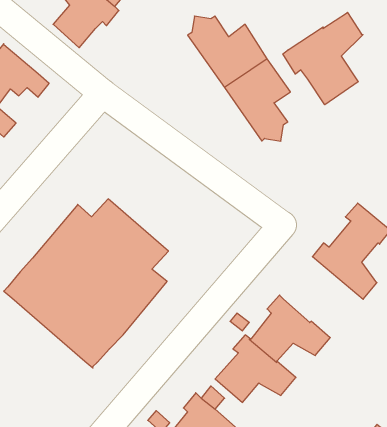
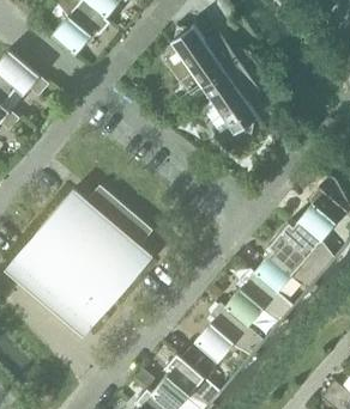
building: [283,12,363,105] -> none
building: none -> [254,236,324,293]

